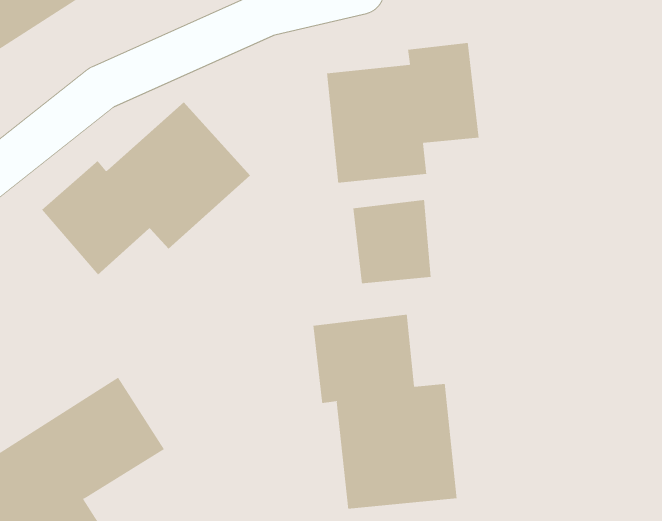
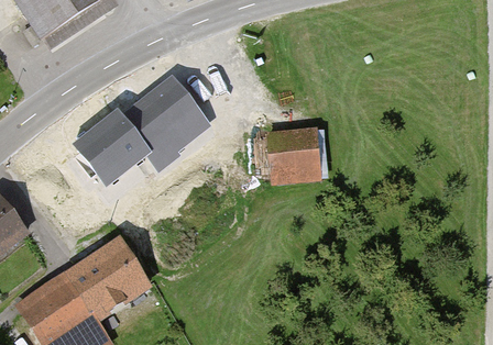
building: [326,42,479,184] -> none
building: [313,314,457,510] -> none

